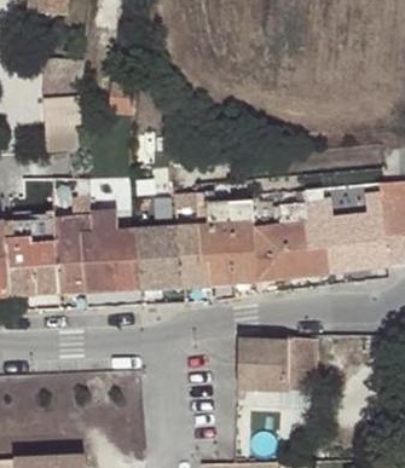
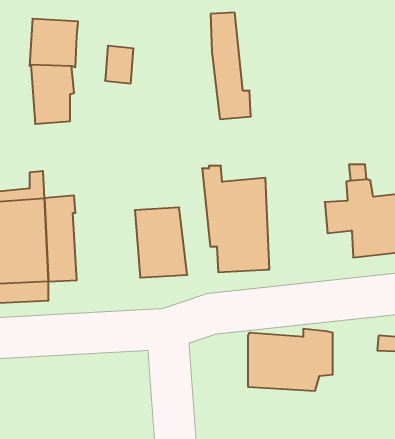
building: [254,190,331,282] -> none
building: [174,191,210,287] -> [211,13,251,119]
building: [80,209,140,291] -> none

